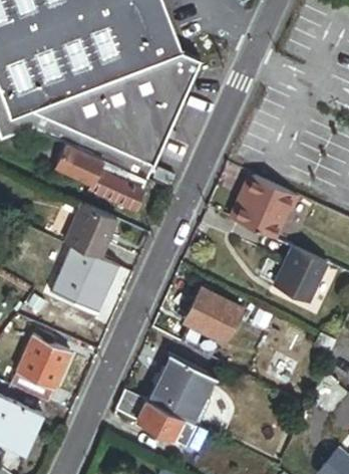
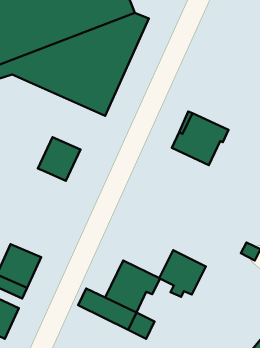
building: [32,132,148,208] -> none
building: [52,246,118,312] -> none
building: [274,247,327,303] -> none
building: [184,287,241,344] -> [159,250,206,297]

